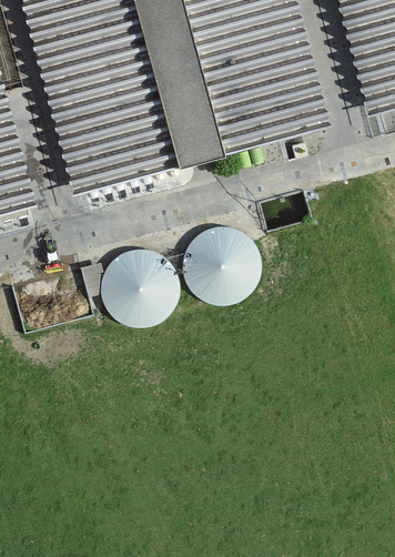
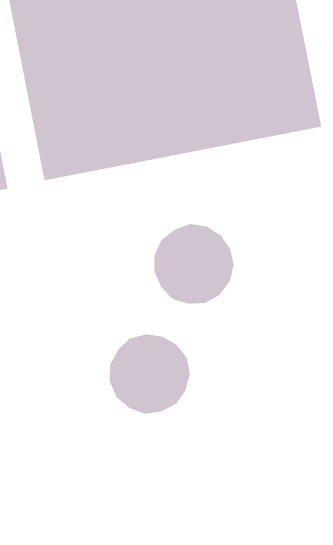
building: [101,250,180,327] -> [109,333,191,415]

